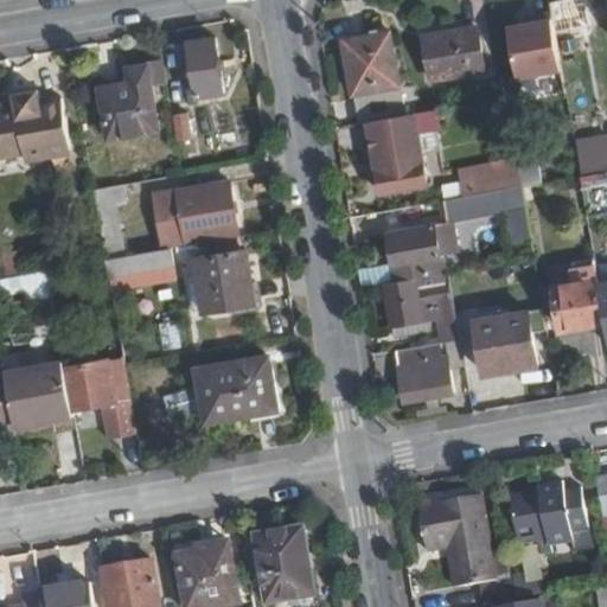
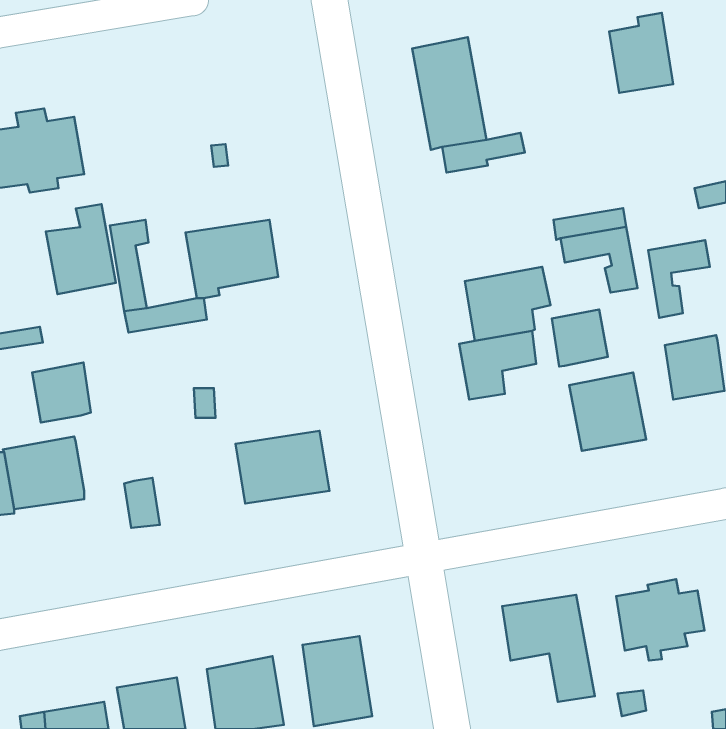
building: [421,30,485,82] -> none
building: [175,34,222,95] -> none
building: [97,65,155,140] -> [46,204,116,294]
building: [371,138,426,197] -> none
building: none -> [648,240,710,318]
building: [192,248,251,311] -> none
building: none -> [552,309,608,366]
building: [392,343,452,404] -> none
building: [63,358,111,408] -> [32,363,91,423]

